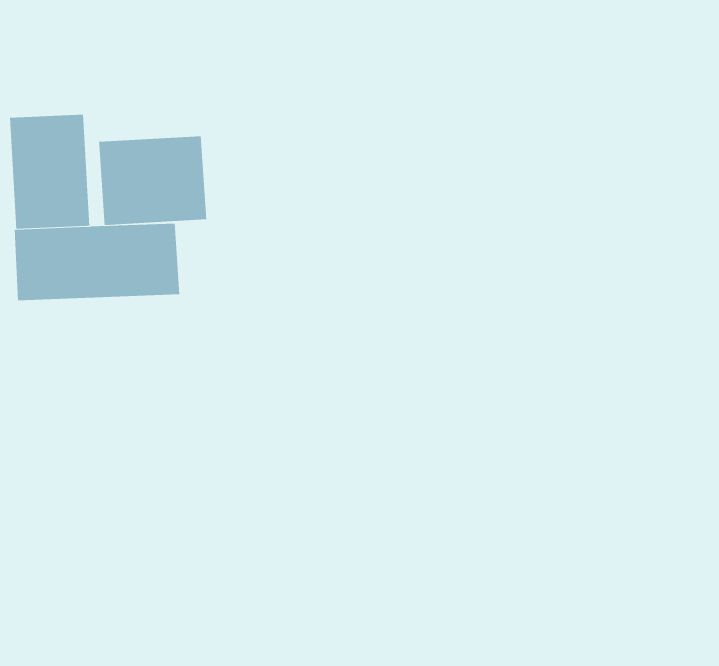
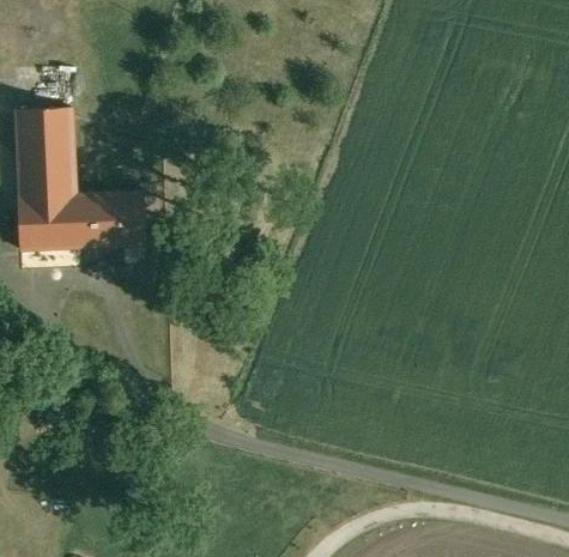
building: [98,136,207,226] -> none

